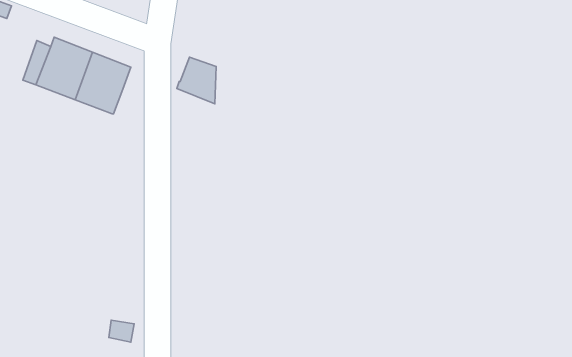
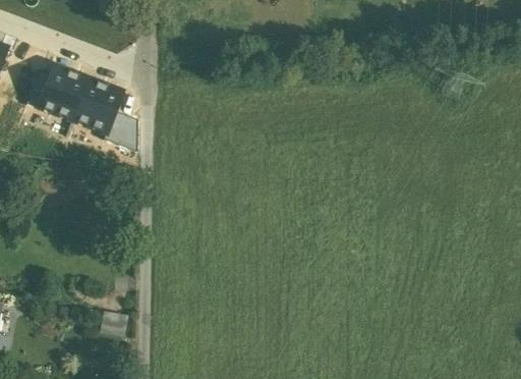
building: [177,57,216,104] -> [102,109,136,150]

